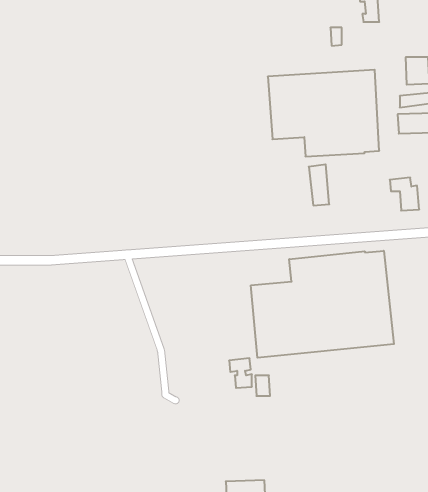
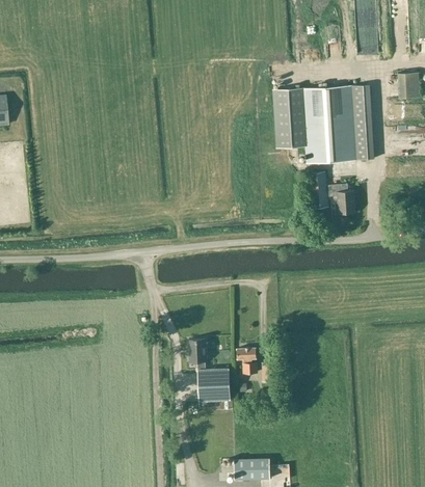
building: [390,178,419,211] -> [328,183,355,213]
building: [251,251,394,358] -> none
building: none -> [189,339,230,401]

